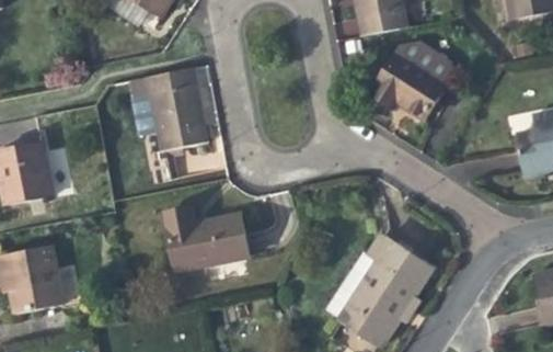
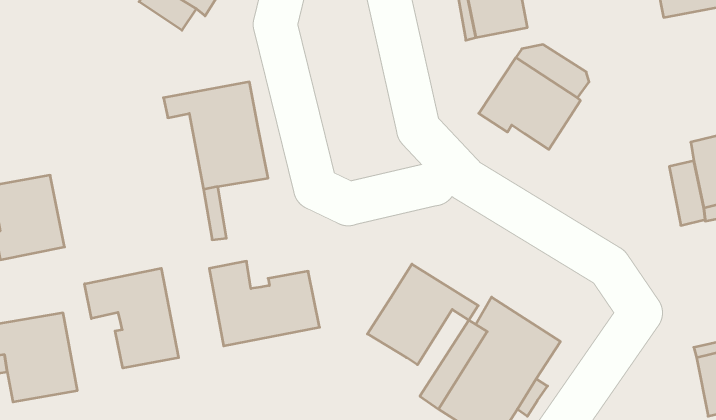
building: none -> [367,264,478,365]
building: none -> [85,268,179,368]

